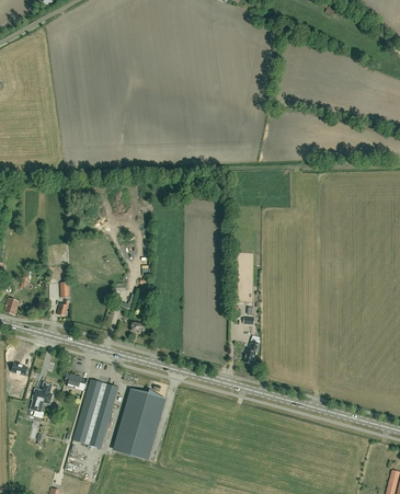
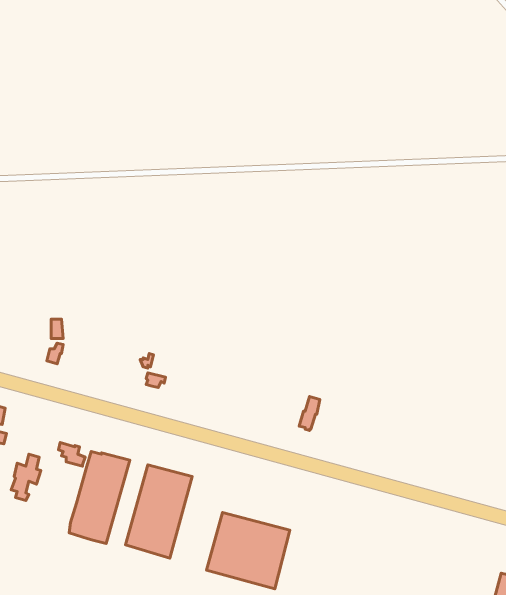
building: none -> [207,512,290,589]

